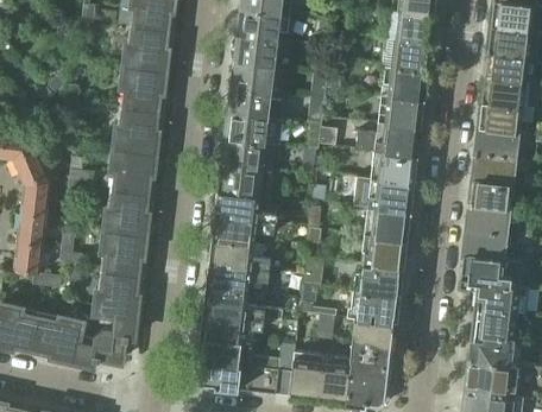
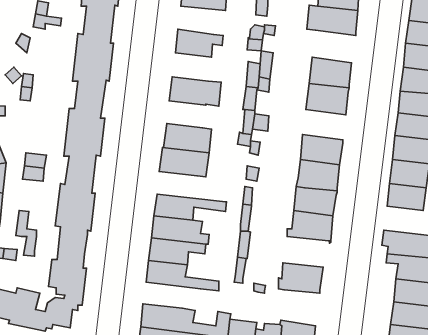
building: [238,9,290,40] -> none
building: [385,36,433,71] -> none
building: [232,61,275,91] -> none
building: [226,113,269,142] -> none
building: [355,122,422,156] -> none
building: [215,190,290,223] -> none
building: [464,228,506,259] -> none
building: [353,261,403,294] -> none
building: [200,311,263,340] -> none
building: [351,319,393,359] -> none

